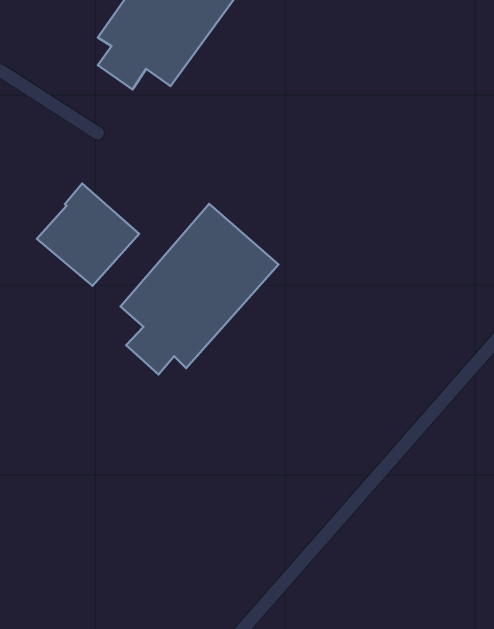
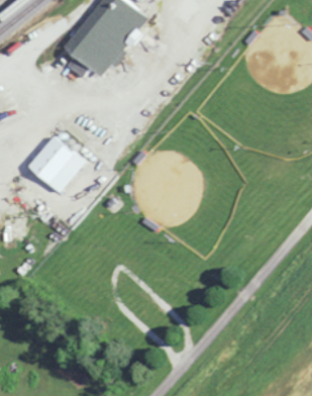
building: [121,204,278,374] -> none

